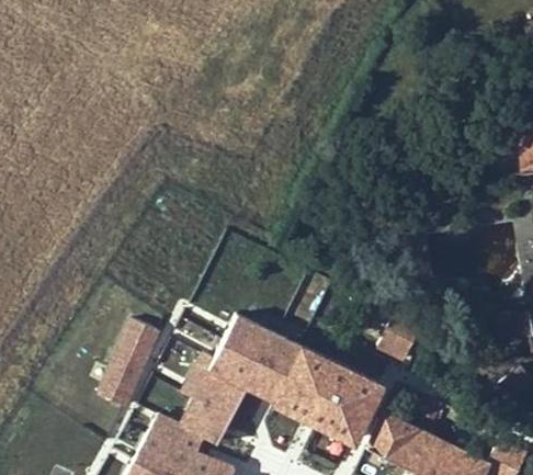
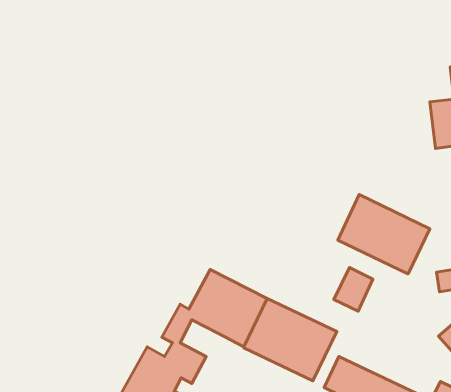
building: none -> [338,195,430,274]
building: [102,323,159,407] -> none
building: [206,373,249,415] -> none

